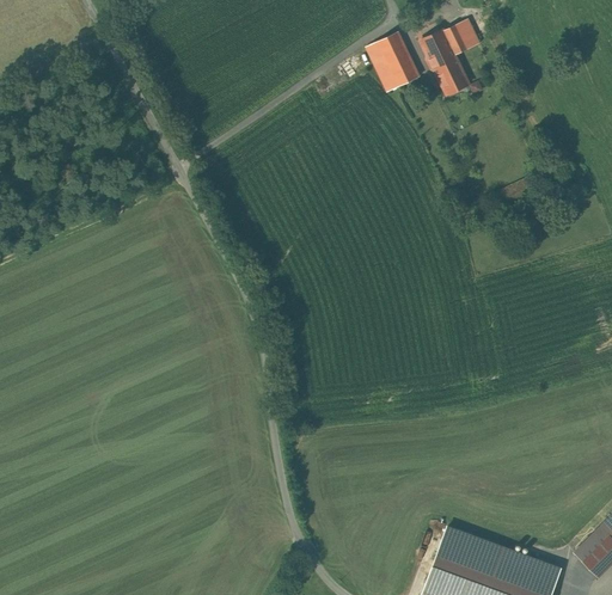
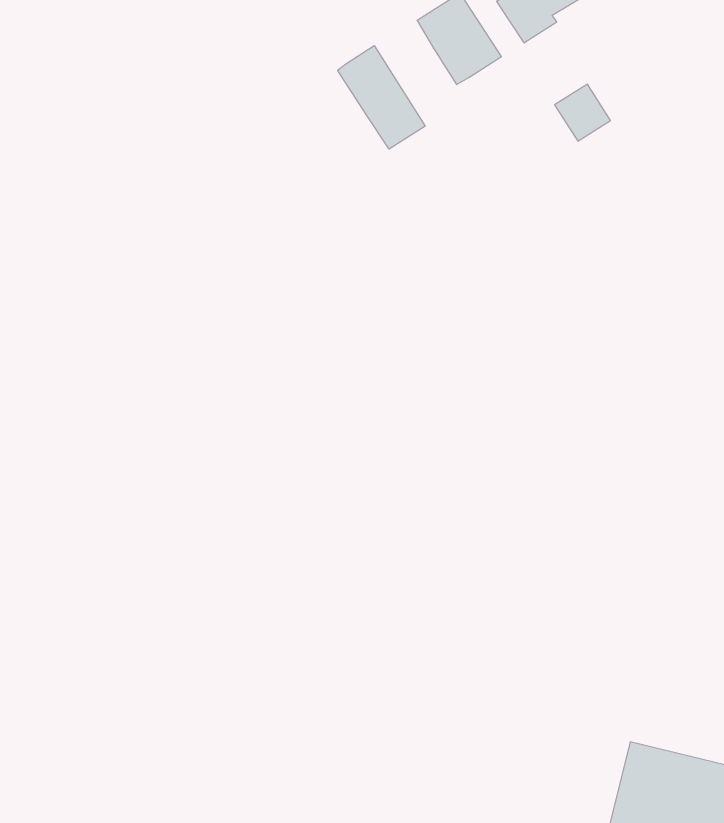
building: [435,59,470,94] -> [555,84,610,141]
building: none -> [338,46,425,149]

